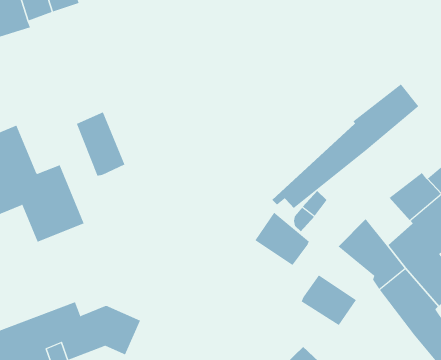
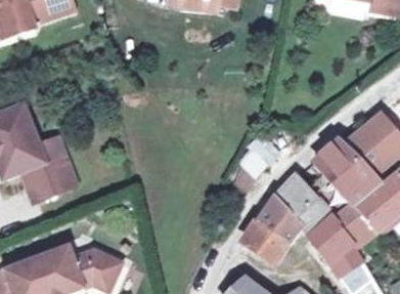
building: [271,83,419,209] -> none
building: [76,111,125,177] -> none
building: [255,212,310,266] -> [262,201,306,244]

